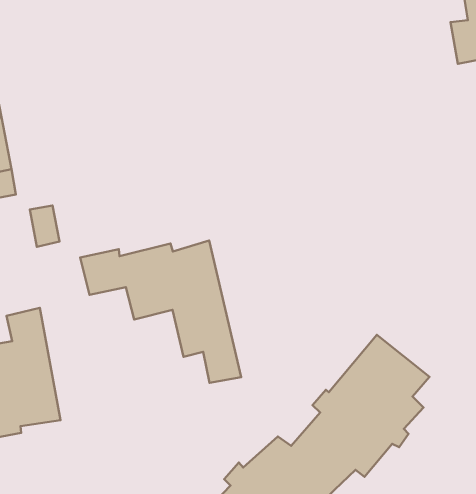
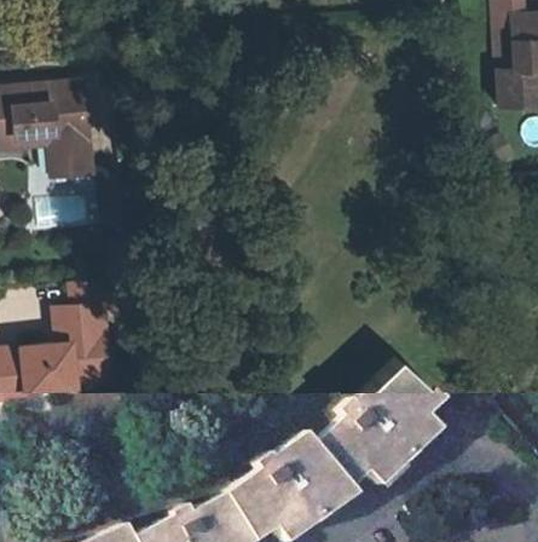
building: [80,241,241,383] -> none

